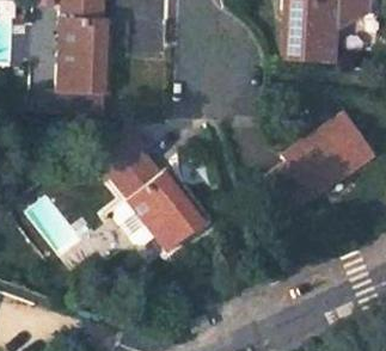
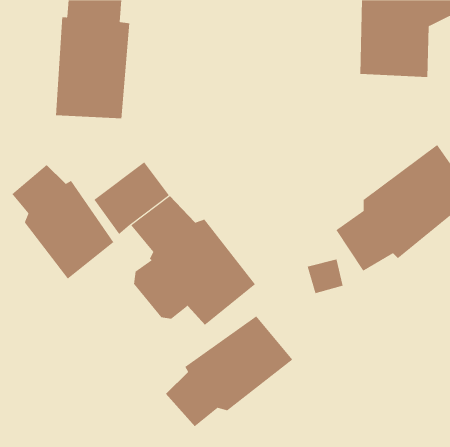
building: none -> [12,164,114,280]
building: none -> [165,315,293,427]

